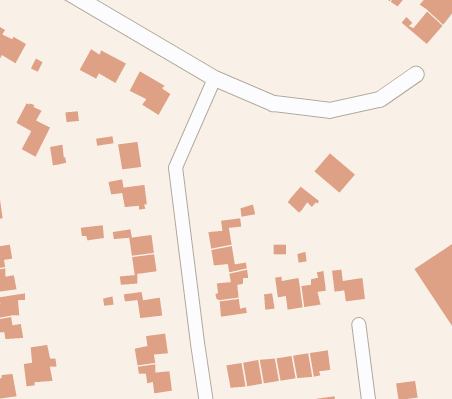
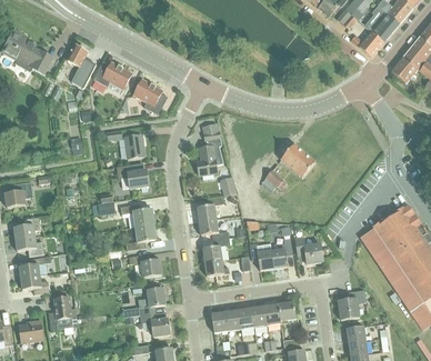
building: [15,102,51,158] -> [66,43,94,88]
building: none -> [194,131,222,173]
building: none -> [337,289,364,319]

